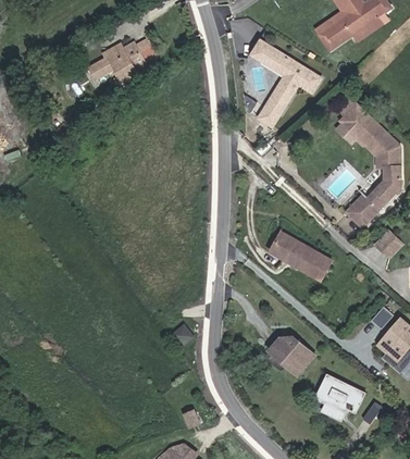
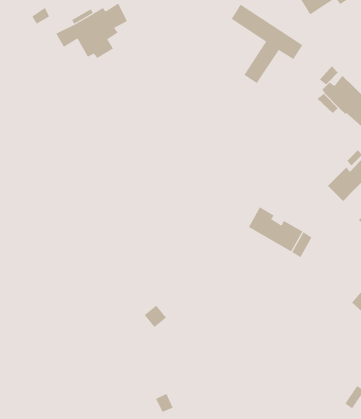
building: [268,337,313,374] -> none
building: [314,374,364,419] -> none

